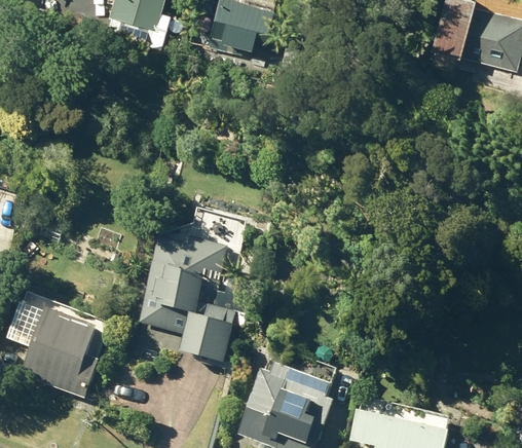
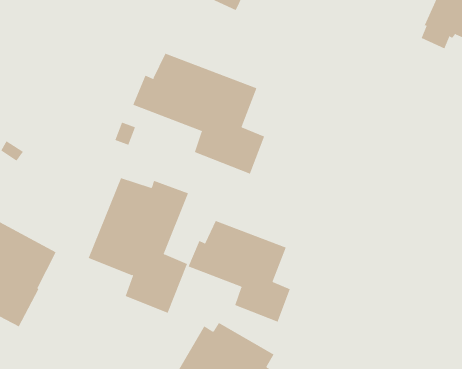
building: none -> [132,53,265,174]
building: none -> [188,220,291,323]

